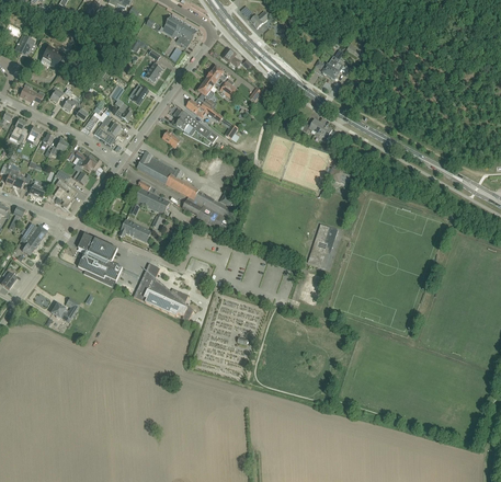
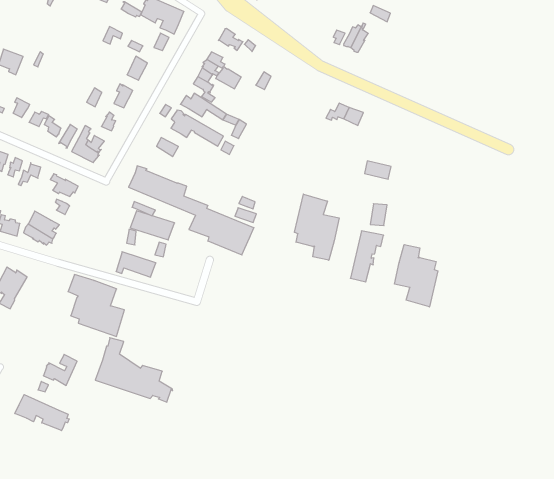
building: none -> [294,194,339,260]
building: none -> [395,245,438,307]
building: [133,263,194,320] -> [95,338,173,402]
building: none -> [15,395,69,431]

